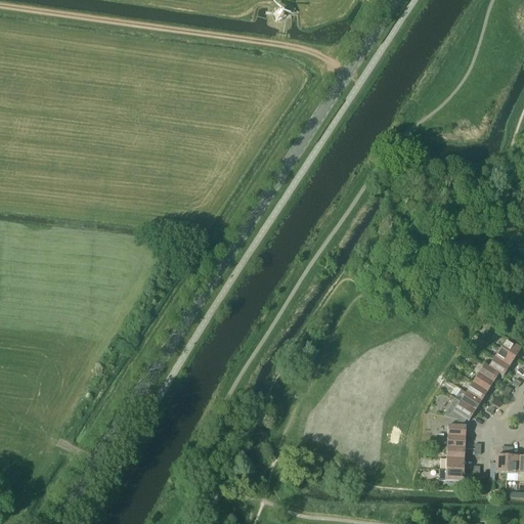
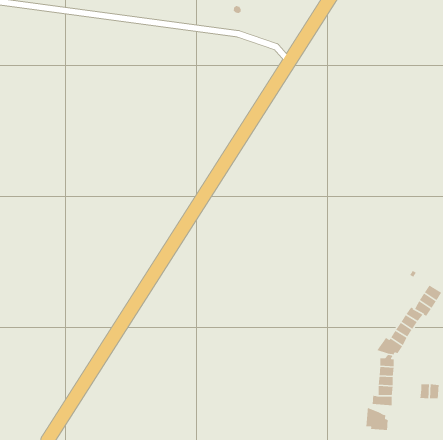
building: none -> [366,407,389,431]

